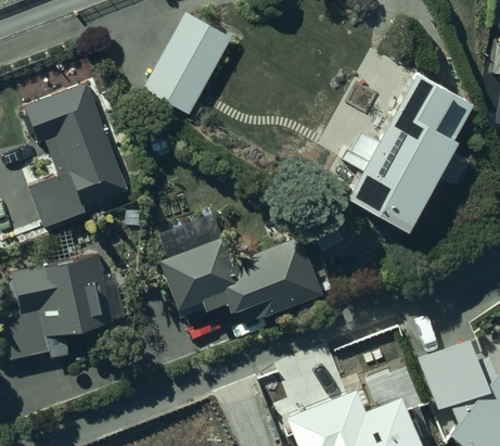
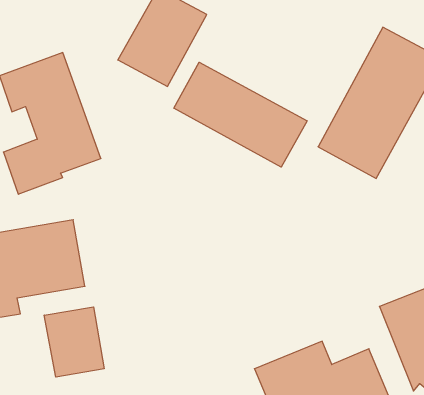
building: none -> [174,62,307,167]
building: [163,244,323,334] -> none
building: none -> [44,307,104,377]

